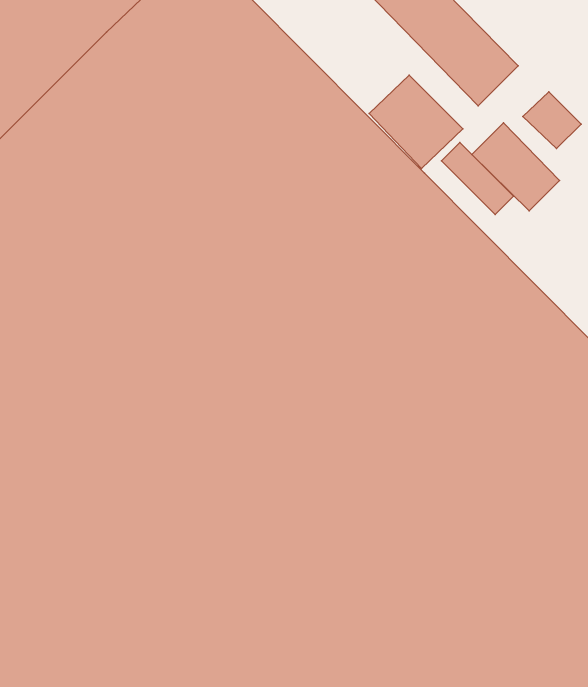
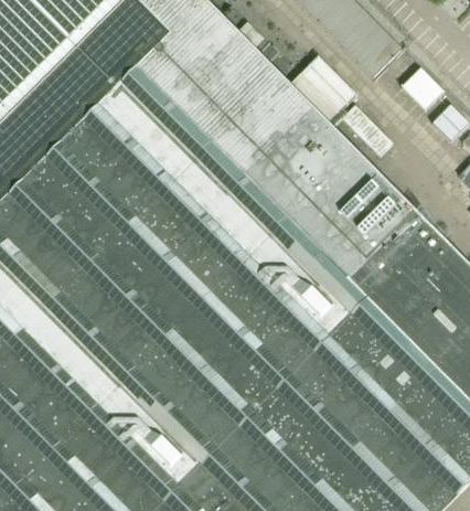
building: [472,123,560,211] -> none

